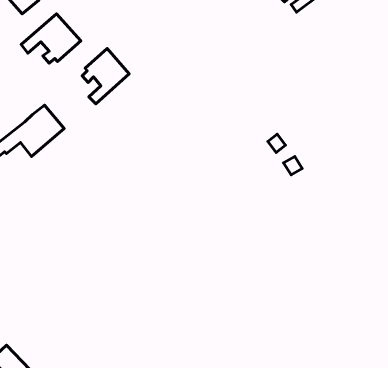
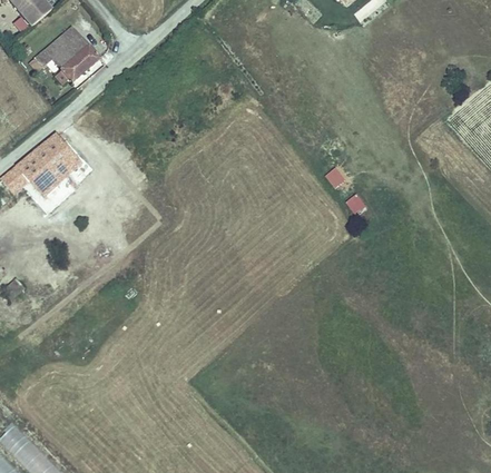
building: [82,48,129,104] -> none

